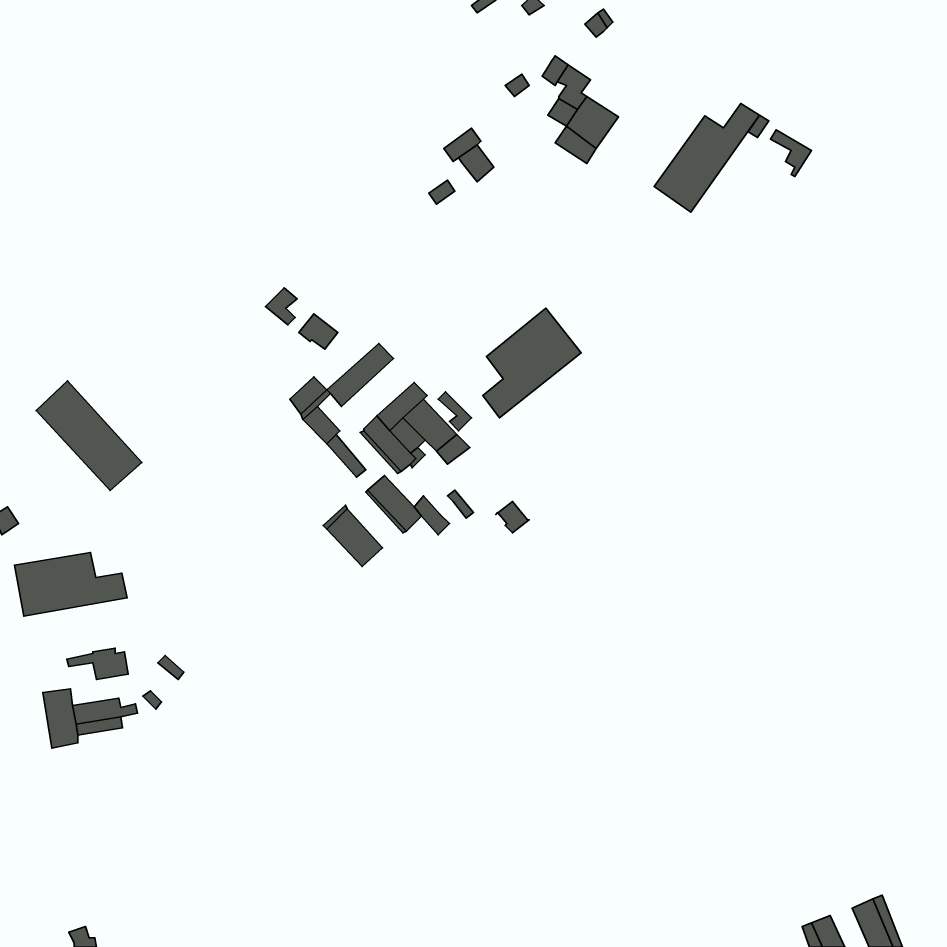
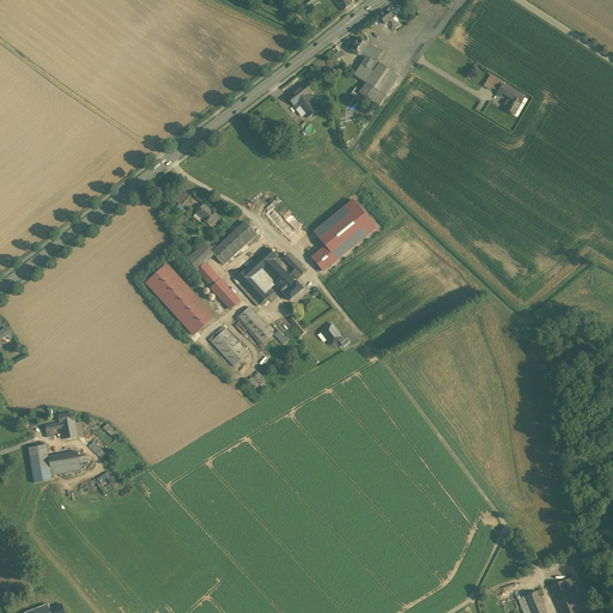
building: [654,103,759,212] -> none
building: [36,381,142,490] -> [145,263,213,334]
building: [15,553,127,616] -> none

